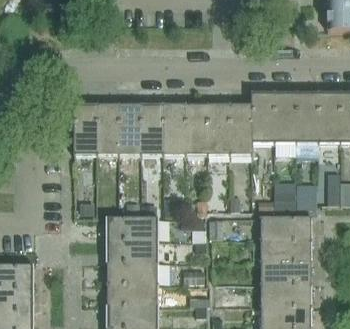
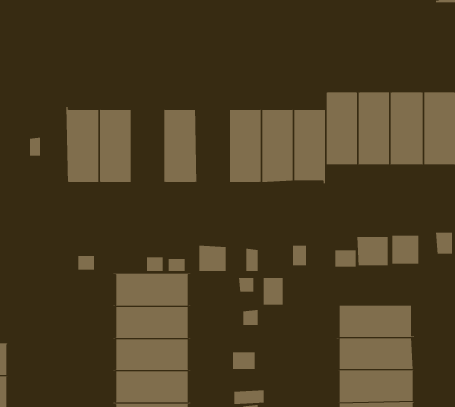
building: [118,103,140,156] -> none
building: [162,103,185,156] -> none
building: [258,216,312,239] -> none

